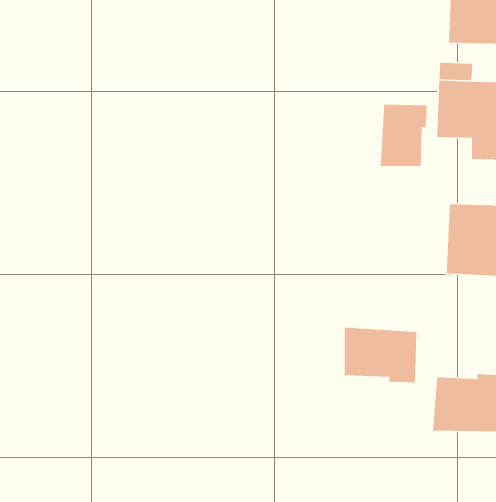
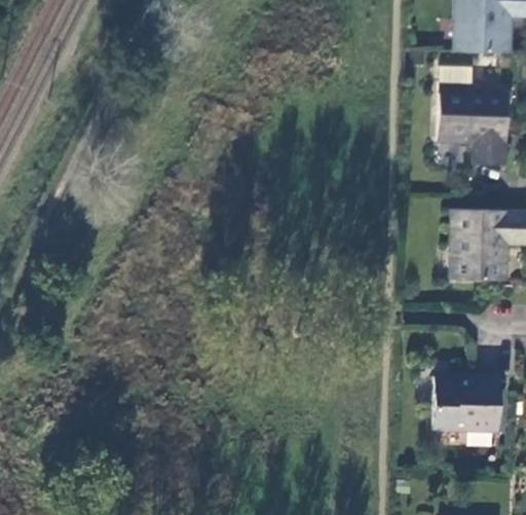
building: [380,104,427,167] -> none
building: [344,327,417,383] -> none

